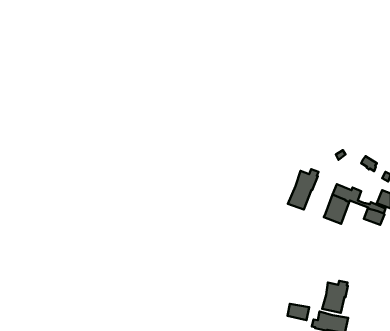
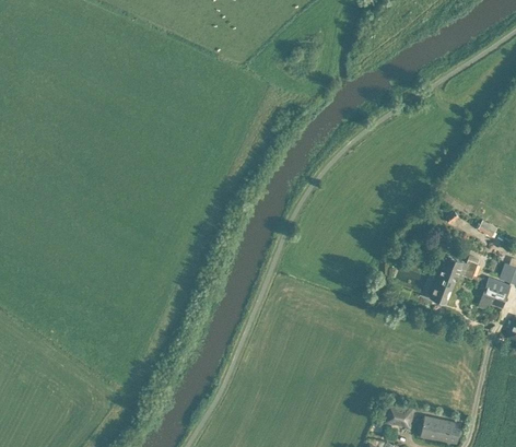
building: [288,169,318,210] -> none
building: [322,281,348,313] -> none

